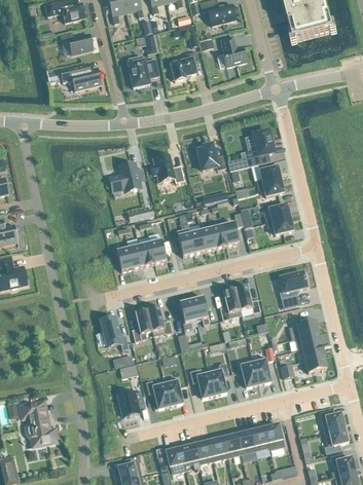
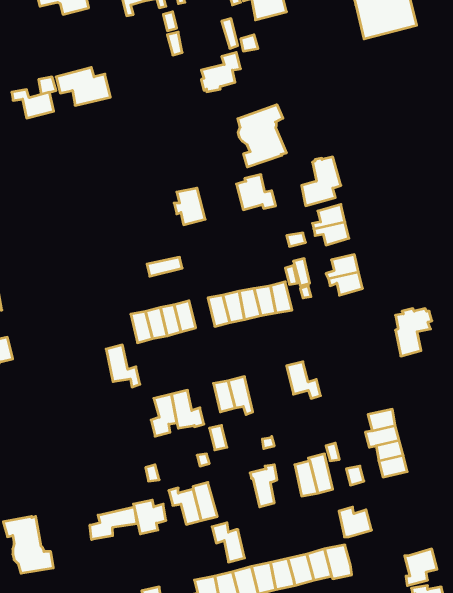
building: [61,32,93,53] -> [12,90,54,118]
building: [221,36,247,66] -> none
building: [129,54,158,87] -> none
building: none -> [238,105,286,167]
building: [109,160,146,193] -> none
building: [282,271,310,307] -> [395,309,432,356]
building: [220,288,243,320] -> none
building: [103,318,129,349] -> [106,345,140,387]
building: [190,368,215,398] -> [212,523,245,562]
building: none -> [90,507,137,540]
building: [321,409,346,432] -> [339,507,372,537]

